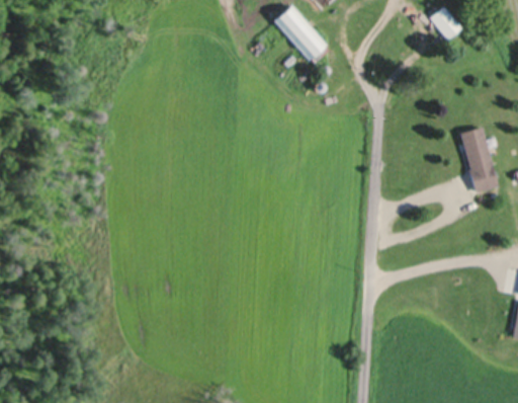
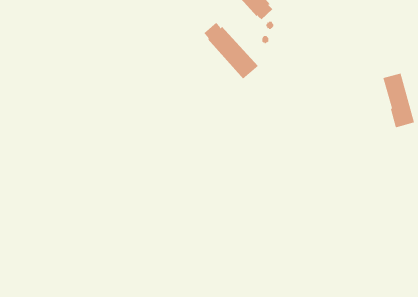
building: none -> [203,22,259,79]

